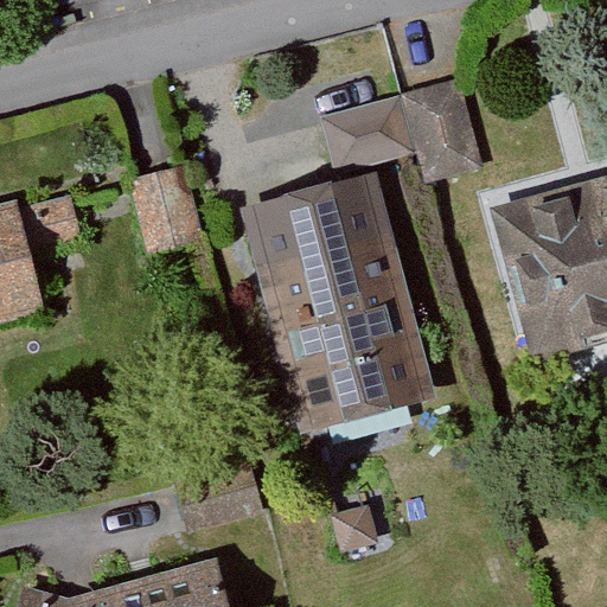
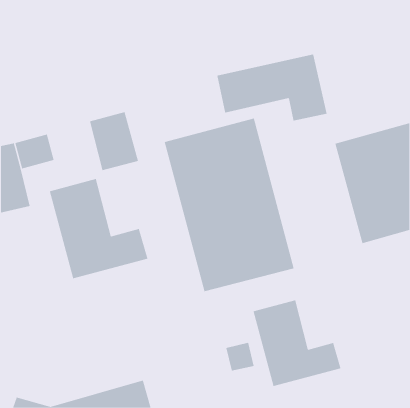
building: none -> [49,178,148,279]
building: none -> [253,299,341,387]

